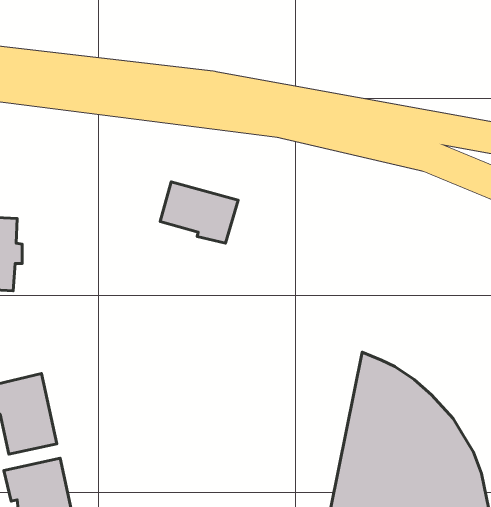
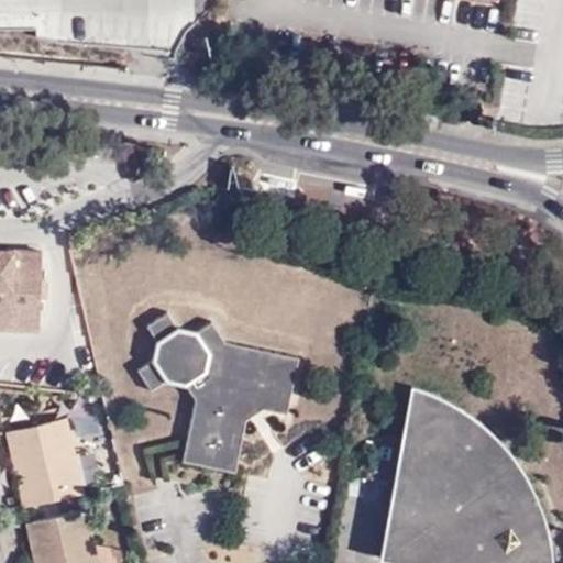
building: [160,182,238,243] -> none
building: none -> [131,310,299,473]

